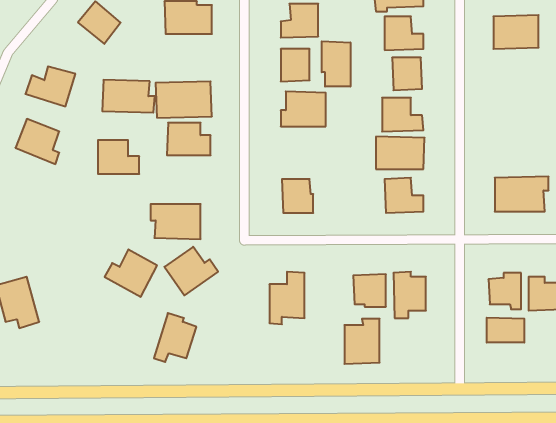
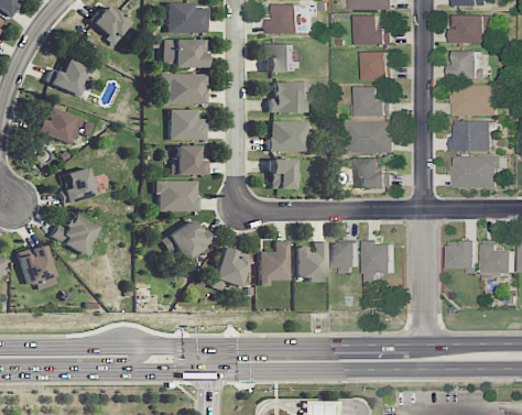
building: [322,41,350,87] -> none
building: none -> [454,51,485,78]
building: [102,80,155,113] -> [159,39,205,67]
building: none -> [454,85,499,116]
building: none -> [267,120,306,151]
building: none -> [455,121,492,152]
building: [98,140,139,174] -> [170,145,206,175]
building: none -> [56,167,91,204]
building: [105,249,157,297] -> [48,212,95,254]
building: [154,313,196,362] -> [208,247,246,290]
building: [487,318,524,343] -> none
building: [344,319,380,364] -> [294,241,325,281]

